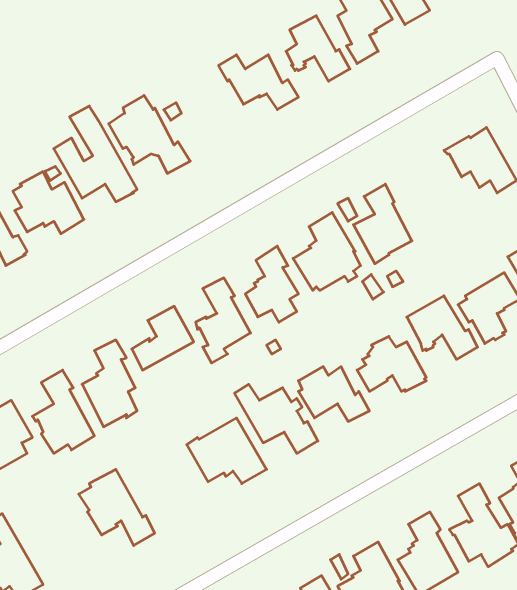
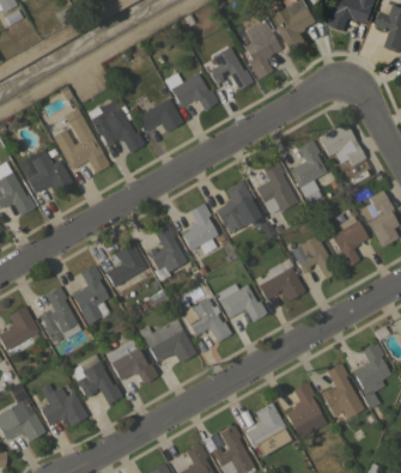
building: none -> [136,98,183,132]
building: none -> [290,140,328,204]
building: none -> [107,339,158,384]
building: none -> [41,383,89,425]

